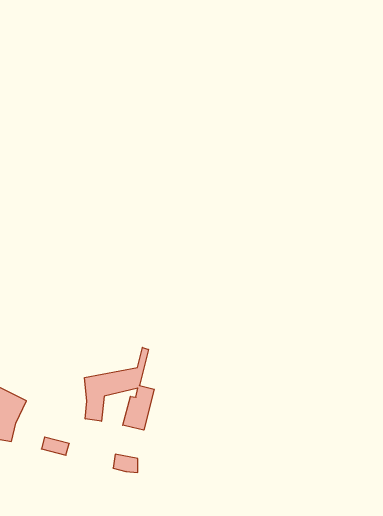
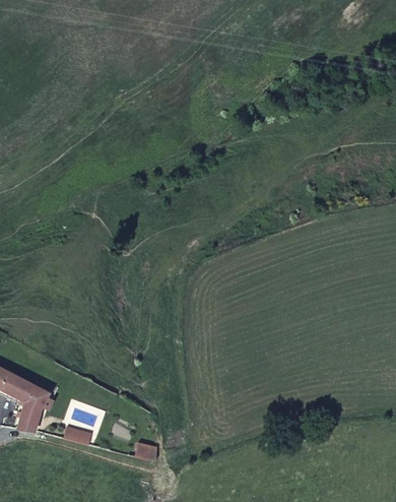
building: [85,347,154,430] -> none

